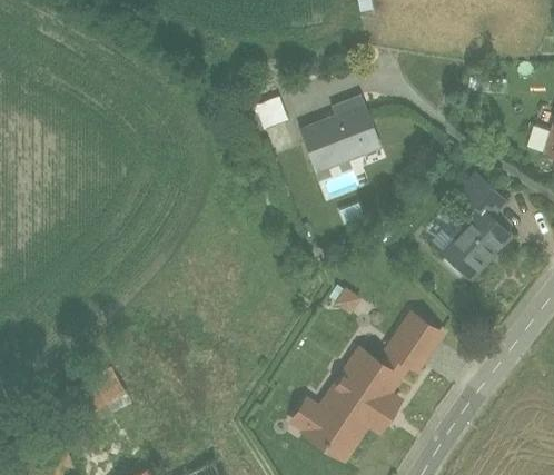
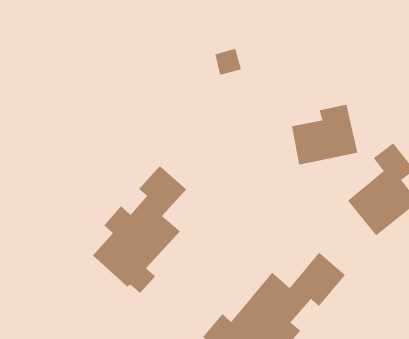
building: [300,97,380,174] -> [291,104,358,165]
building: none -> [92,165,187,294]

